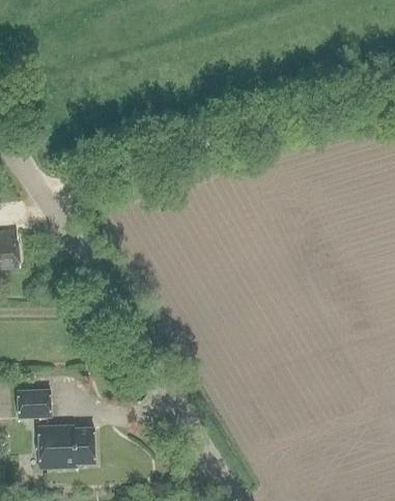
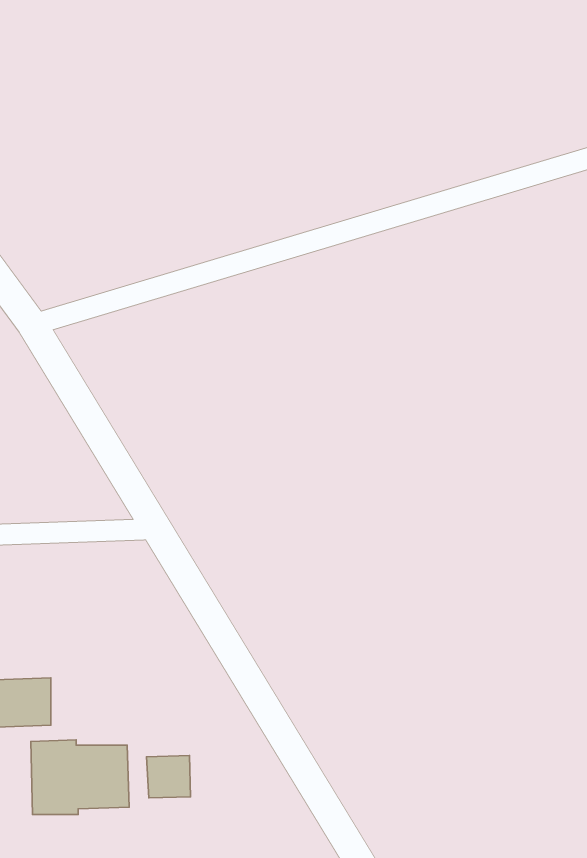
building: none -> [147,756,190,798]

